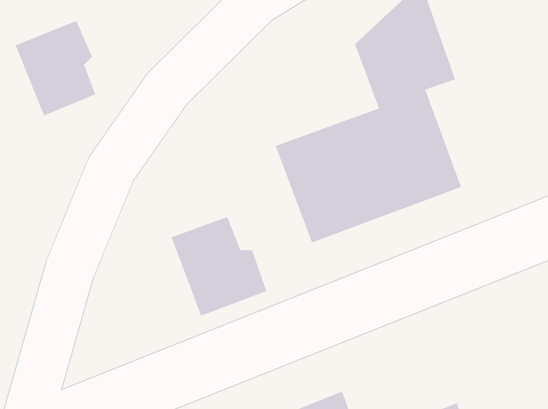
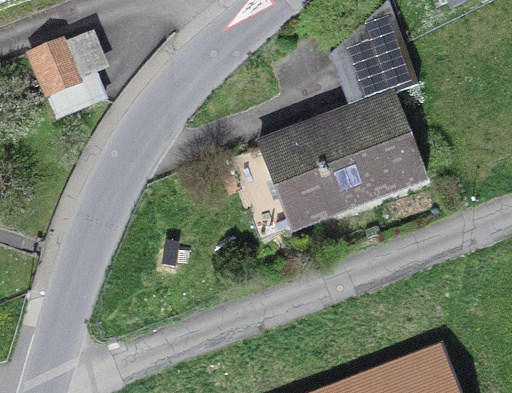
building: [171,216,267,316] -> none

